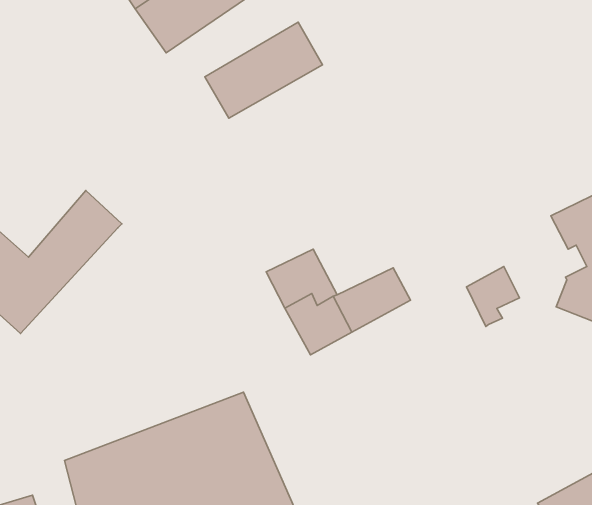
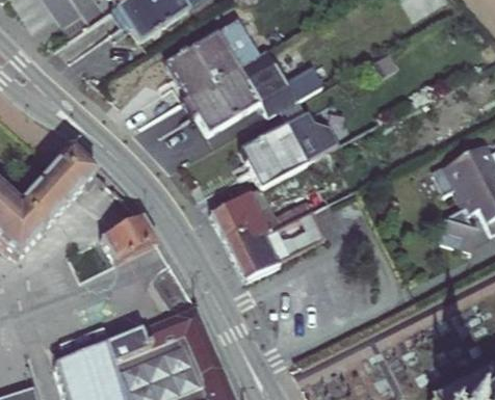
building: none -> [184,47,319,135]
building: none -> [242,113,339,186]
building: [466,267,520,326] -> none
building: none -> [82,214,157,262]

